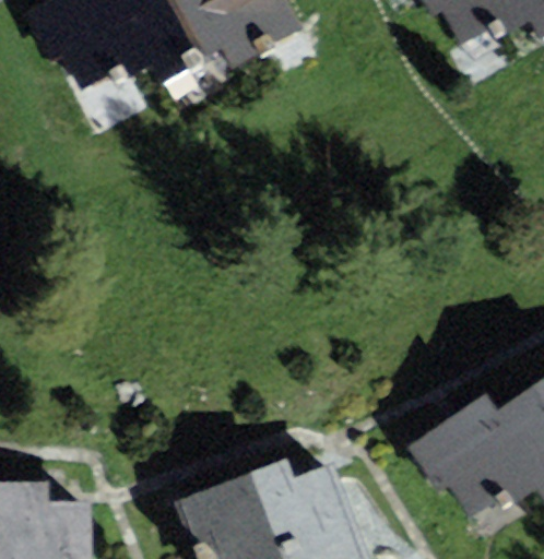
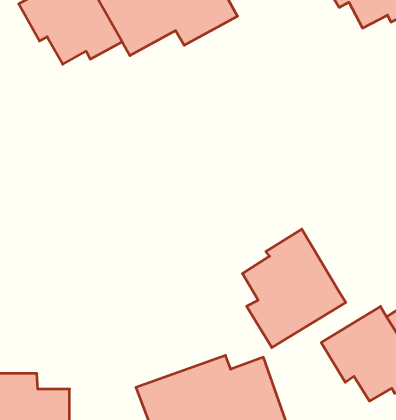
building: none -> [242,229,346,348]

